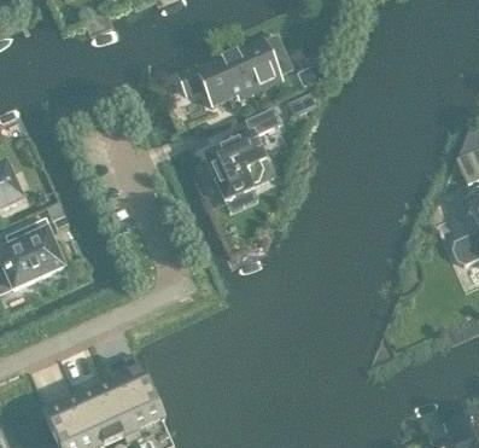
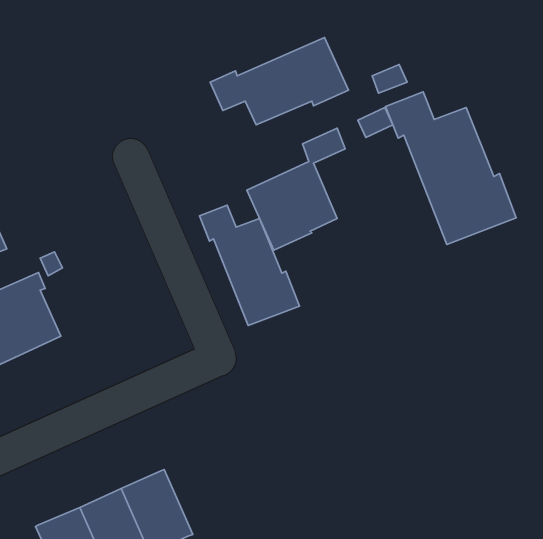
building: none -> [386,92,516,244]
building: none -> [199,205,299,325]

